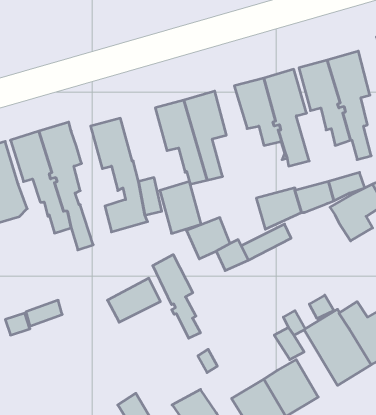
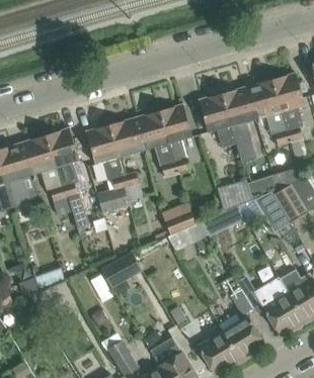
building: [160,182,201,233] -> [109,117,142,158]
building: none -> [253,191,291,232]
building: [153,255,200,338] -> none

